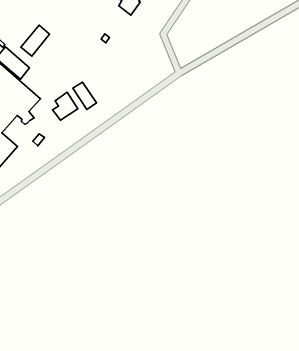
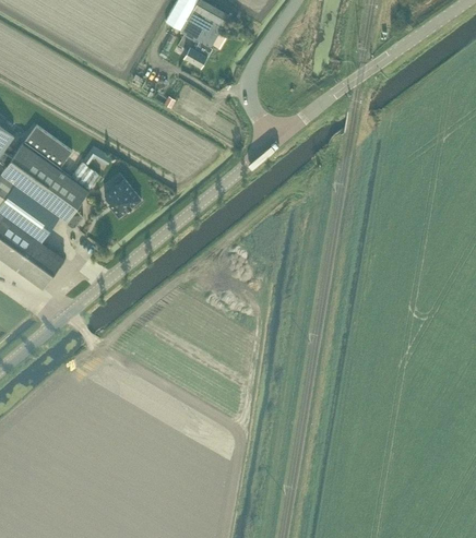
building: [21,25,50,56] -> none
building: [73,82,97,110] -> none

